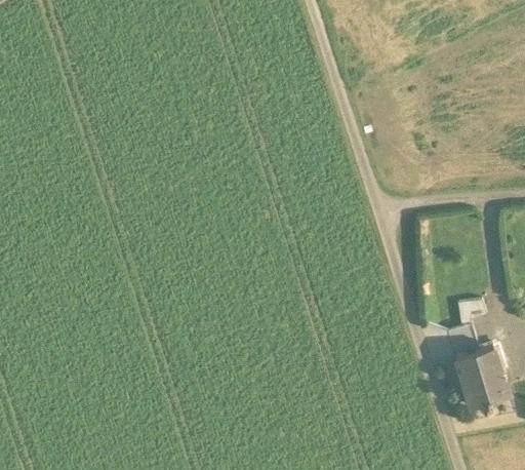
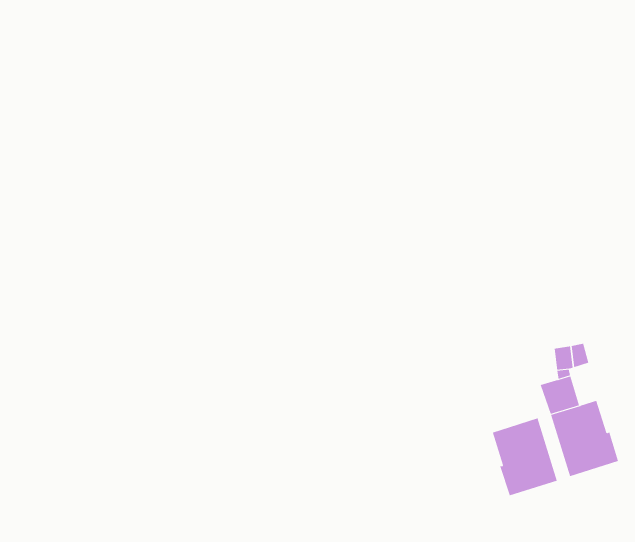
building: none -> [492,418,558,496]

